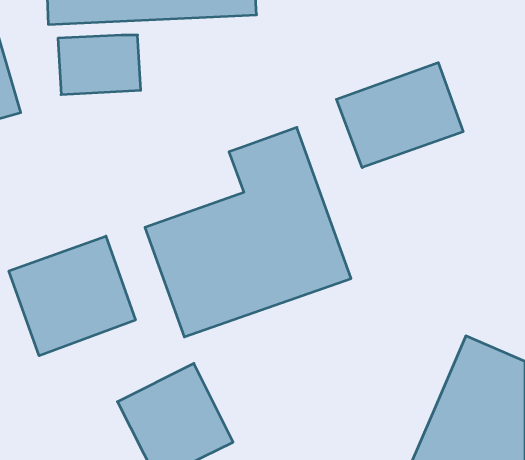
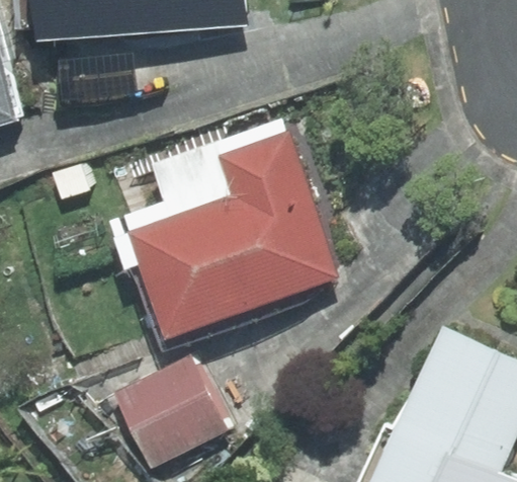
building: [336,63,463,168] -> none
building: [9,236,135,356] -> none

